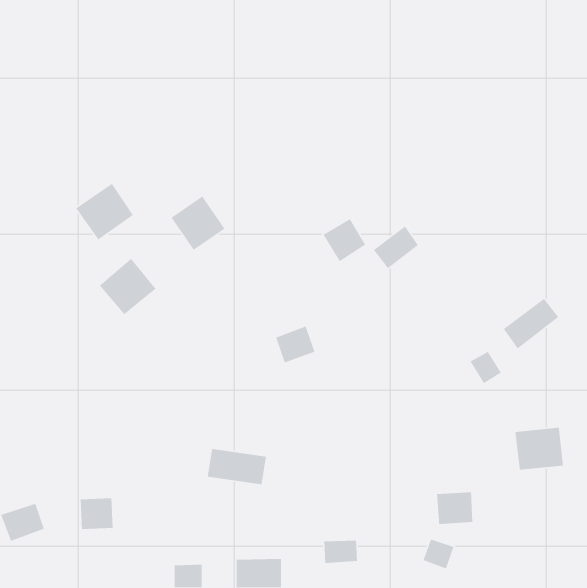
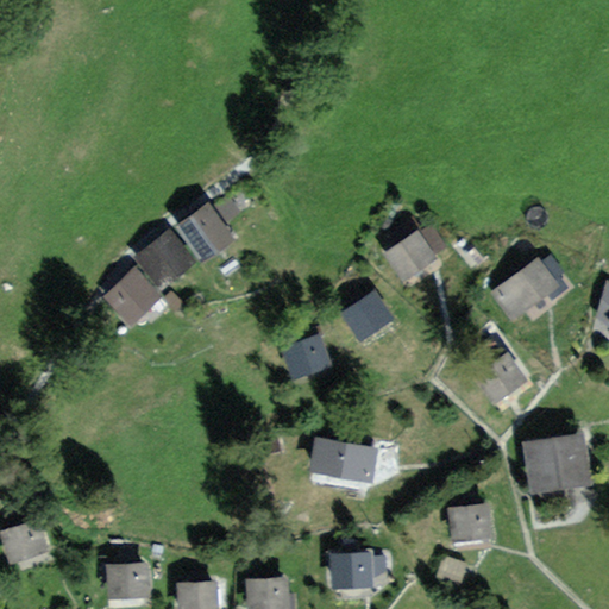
building: [75,183,134,241] -> [133,228,194,288]
building: [322,218,366,262] -> [344,293,389,338]
building: [503,298,559,350] -> [495,262,553,315]
building: [207,448,267,485] -> [313,439,375,477]
building: [80,498,113,530] -> [109,564,144,597]

